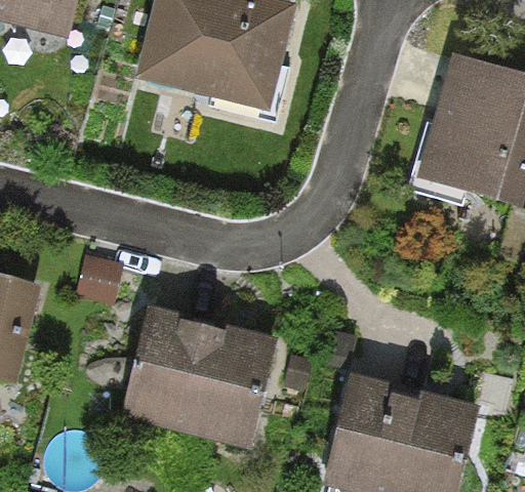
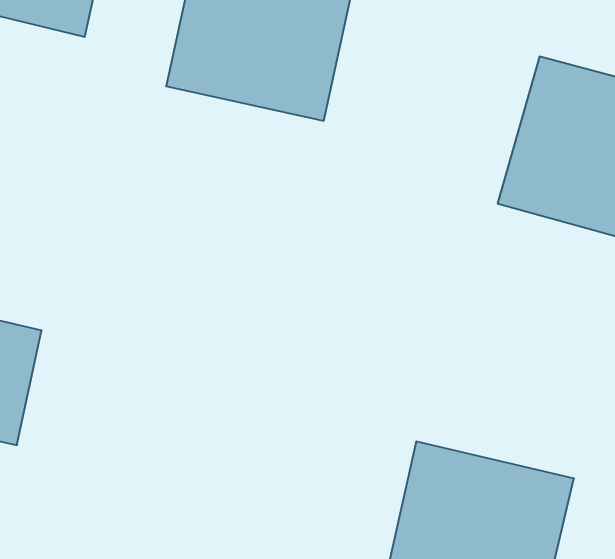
building: [121,304,274,443] -> none

